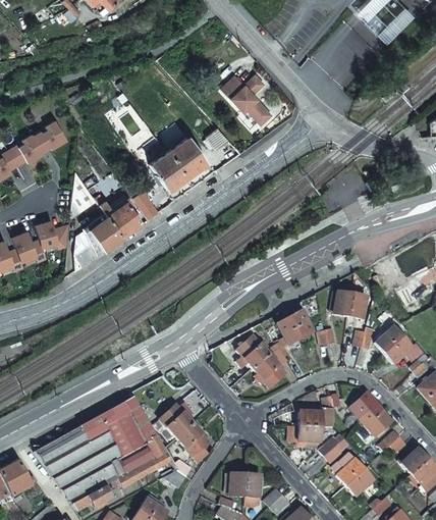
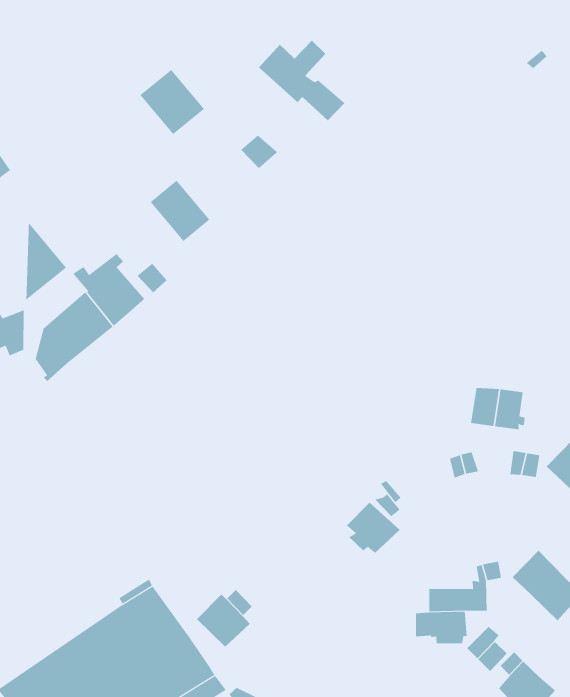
building: [166,138,205,177] -> [140,69,205,135]
building: [277,311,313,345] -> none
building: [236,335,268,368] -> none
building: [174,423,207,461] -> none

